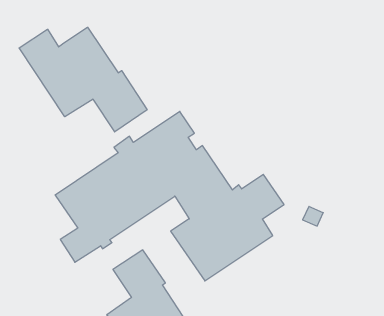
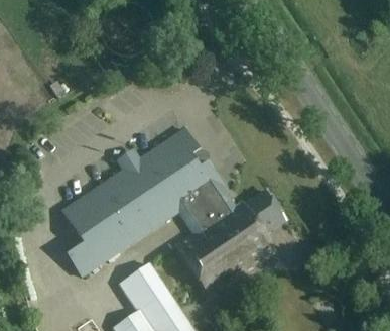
building: [19,27,147,132] -> none

